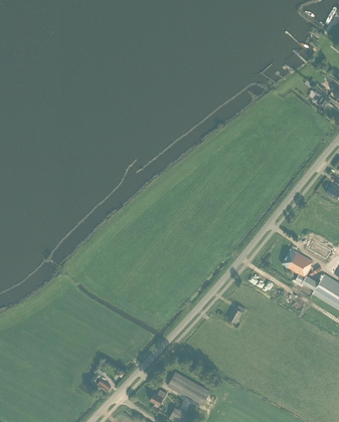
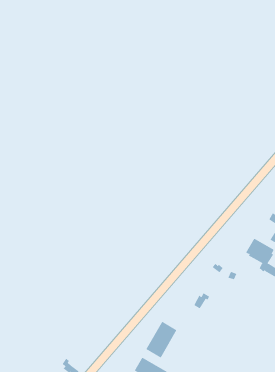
building: none -> [146,321,177,358]

